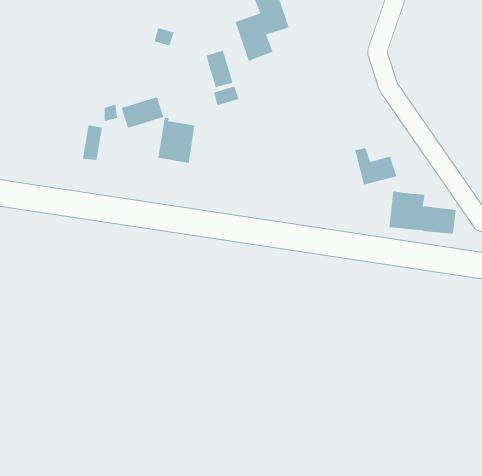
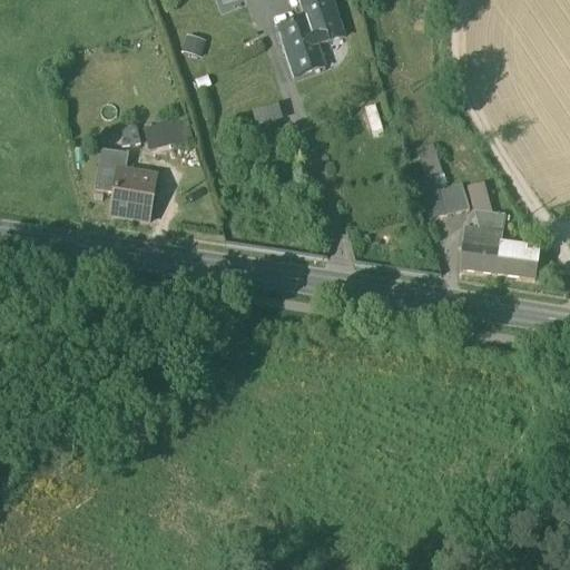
building: [206,50,233,88] -> none
building: [158,117,195,163] -> [111,164,156,218]
building: none -> [468,183,504,229]

